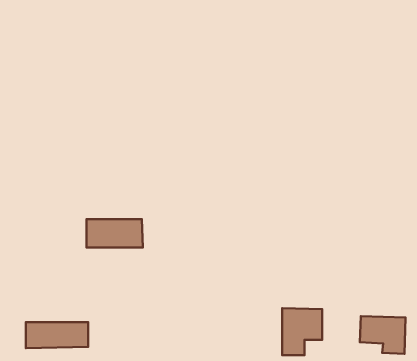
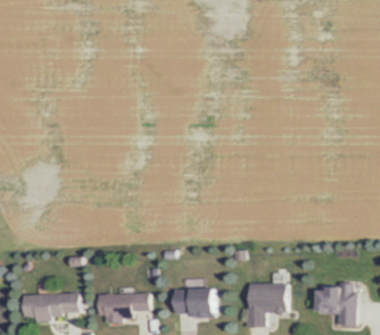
building: [87,219,143,248] -> [98,294,147,319]
building: none -> [174,289,211,312]

